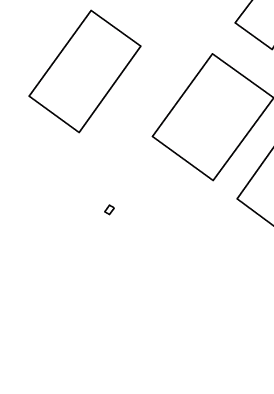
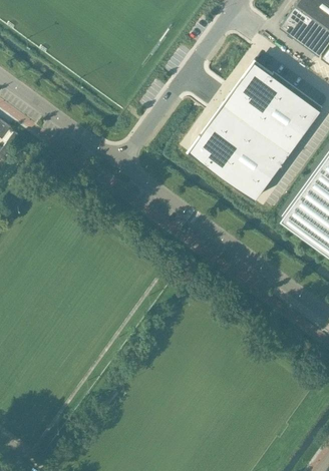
building: [29,11,141,132] -> none

